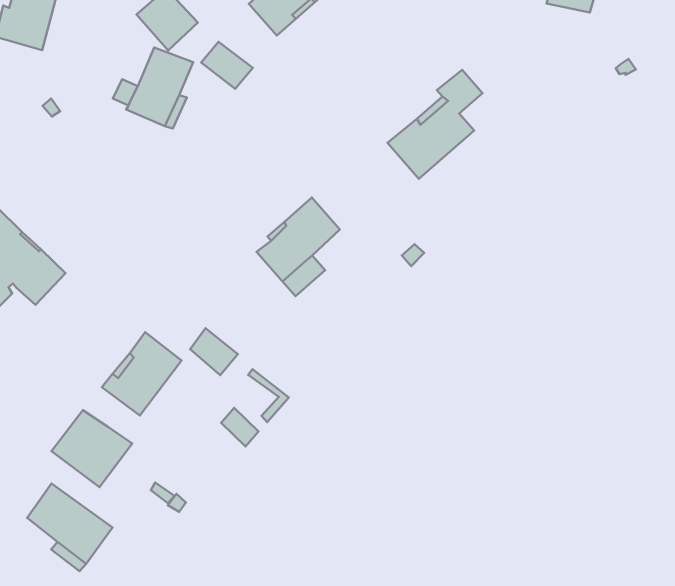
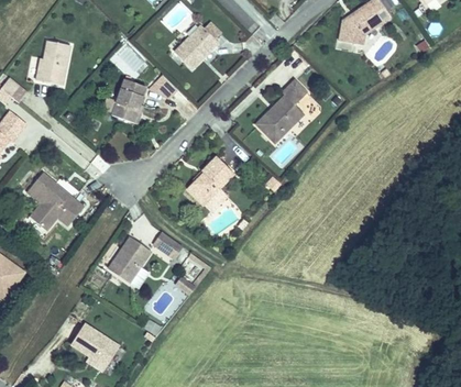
building: [52,410,132,487] -> none

